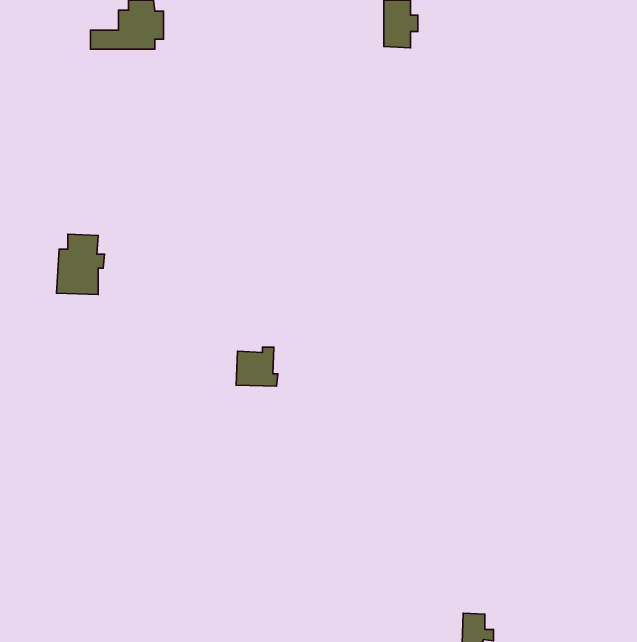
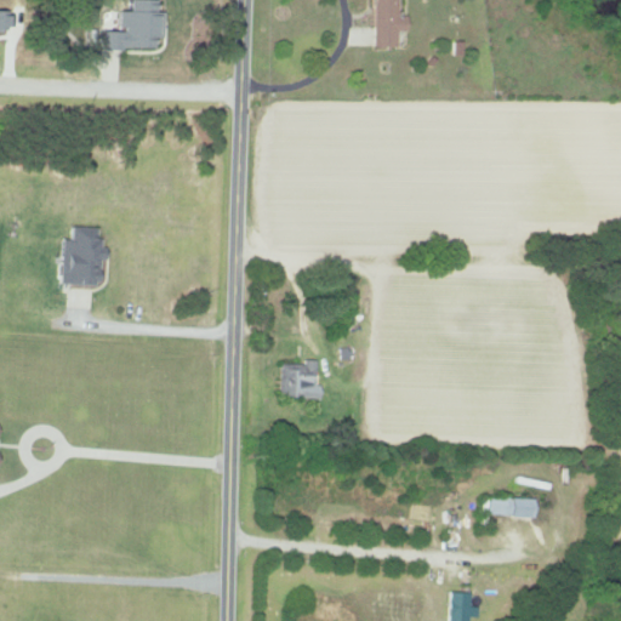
building: [236,347,278,386] -> [283,360,323,398]
building: none -> [490,498,536,517]

